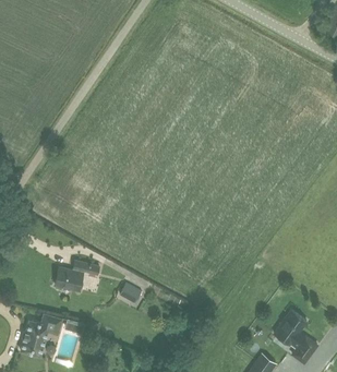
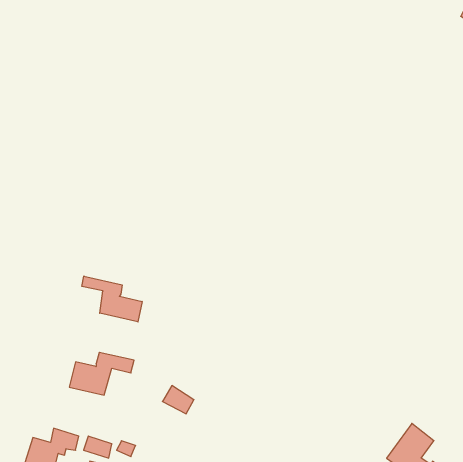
building: none -> [82,276,142,322]

